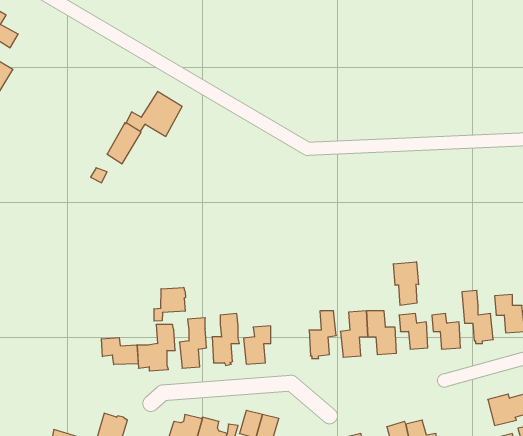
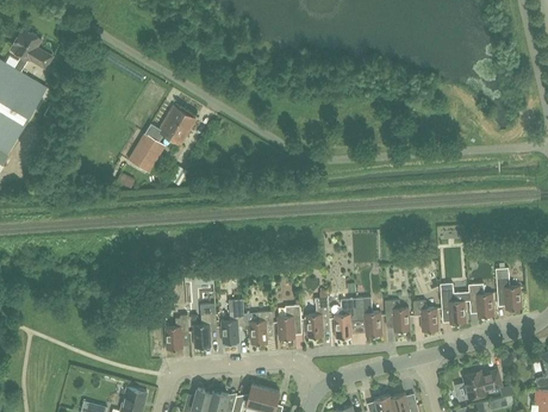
building: [393,262,419,305] -> none
building: [154,287,185,321] -> none
building: none -> [278,305,301,339]
building: [101,338,138,365] -> none

